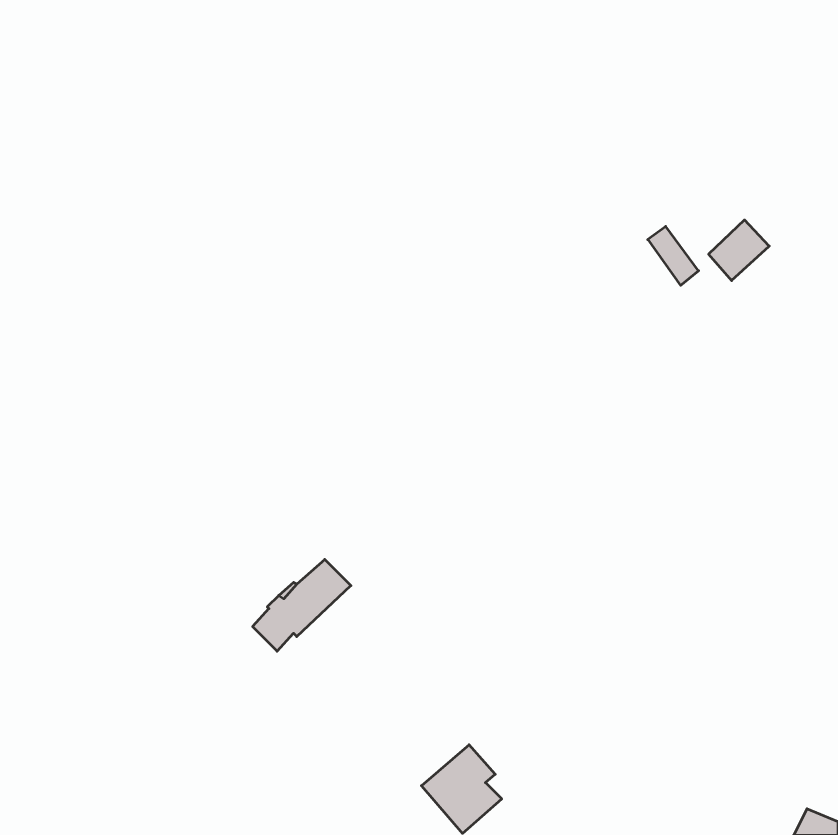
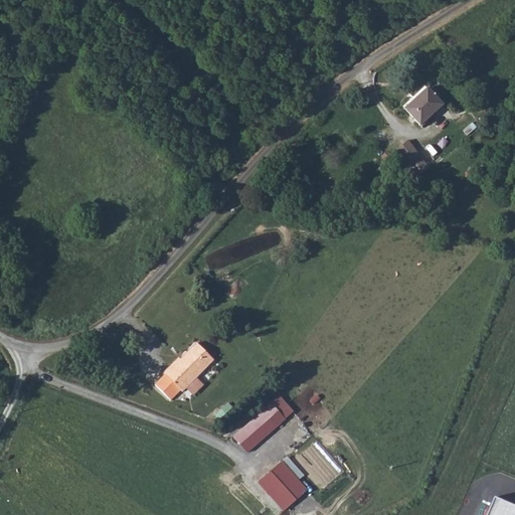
building: [709,220,769,281] -> [405,87,443,124]
building: none -> [232,395,293,452]

